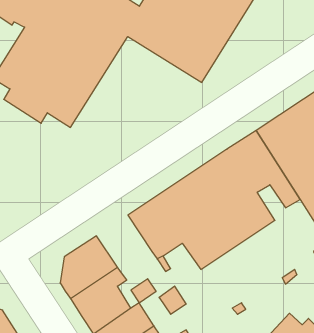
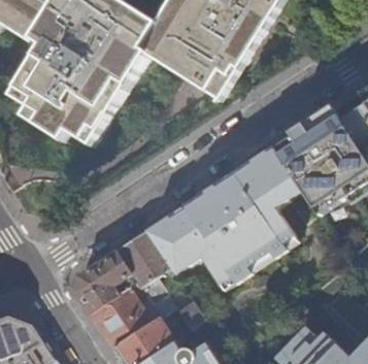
building: none -> [115,229,170,285]

